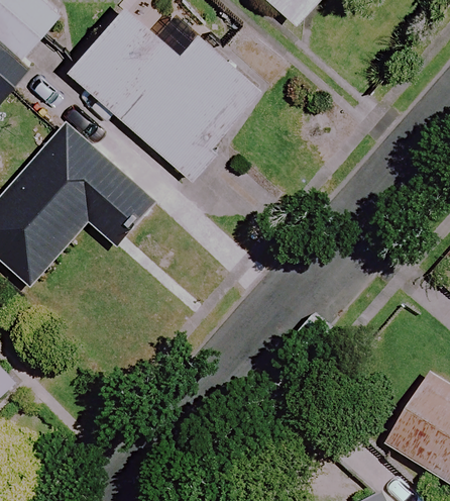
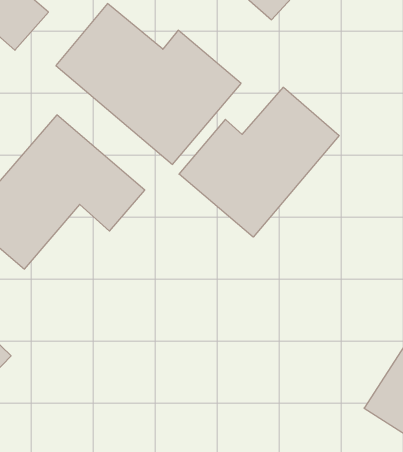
building: none -> [179,87,339,237]

